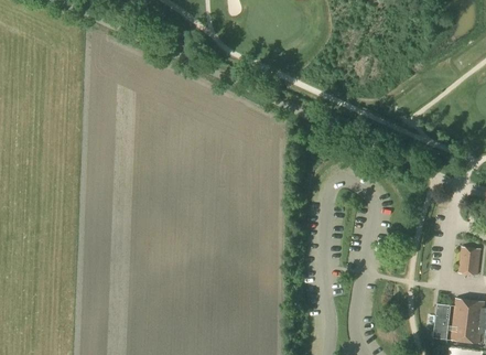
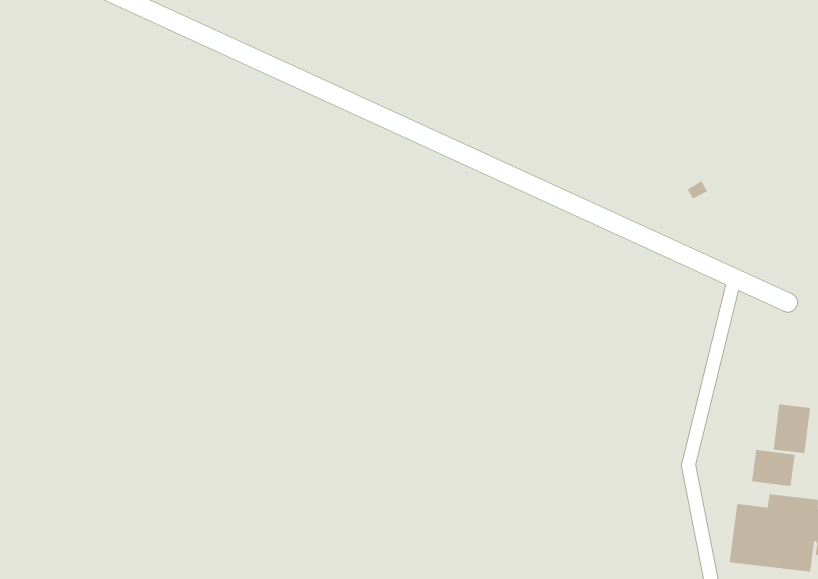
building: none -> [751,449,795,487]

